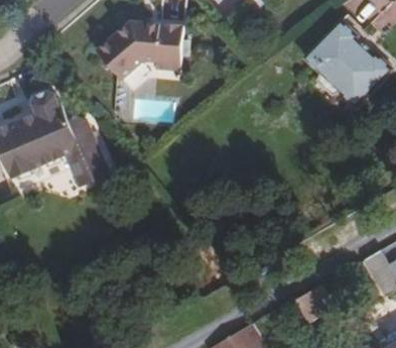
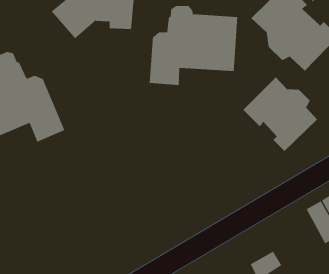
building: none -> [149,5,238,86]
building: none -> [242,76,318,152]

